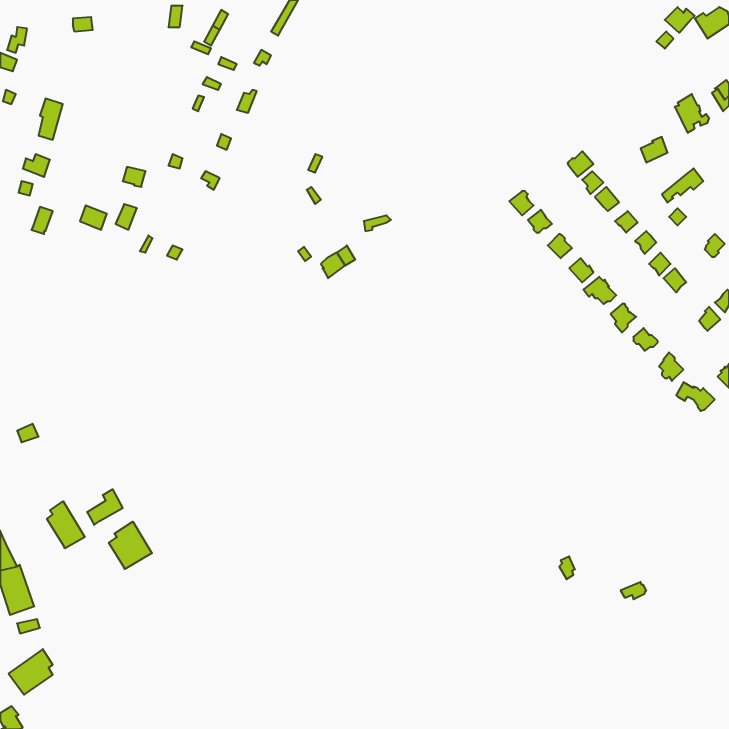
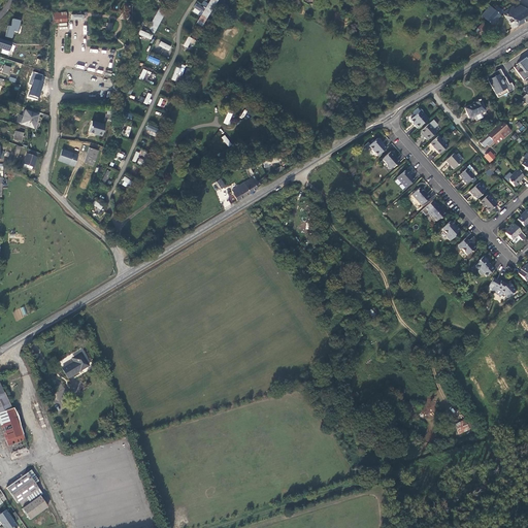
building: [47,501,85,548] -> none
building: [109,522,152,569] -> none
building: none -> [19,488,46,518]

